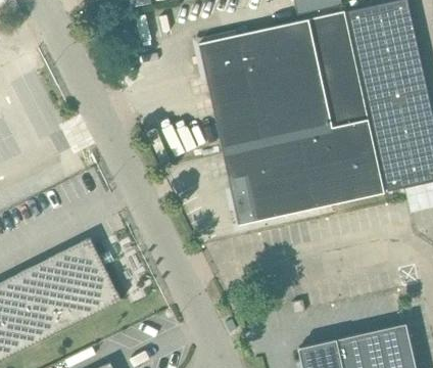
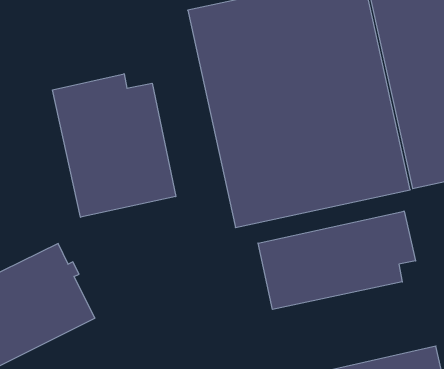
building: none -> [53,74,176,217]
building: none -> [258,211,416,309]

